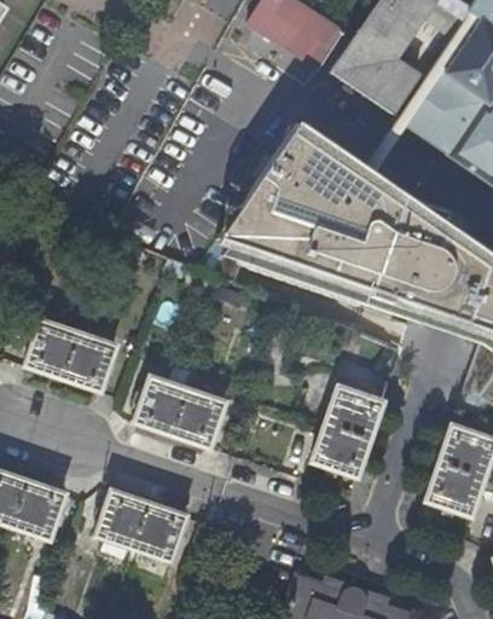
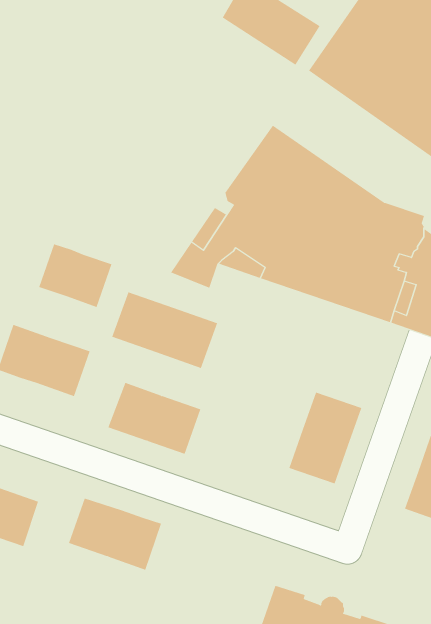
building: none -> [39,244,112,308]
building: none -> [111,291,218,369]

